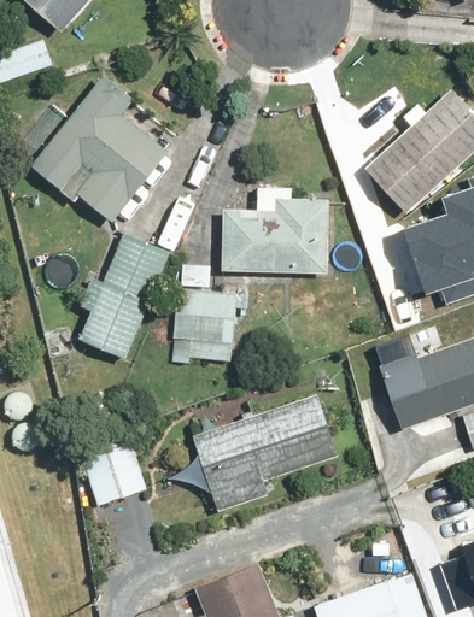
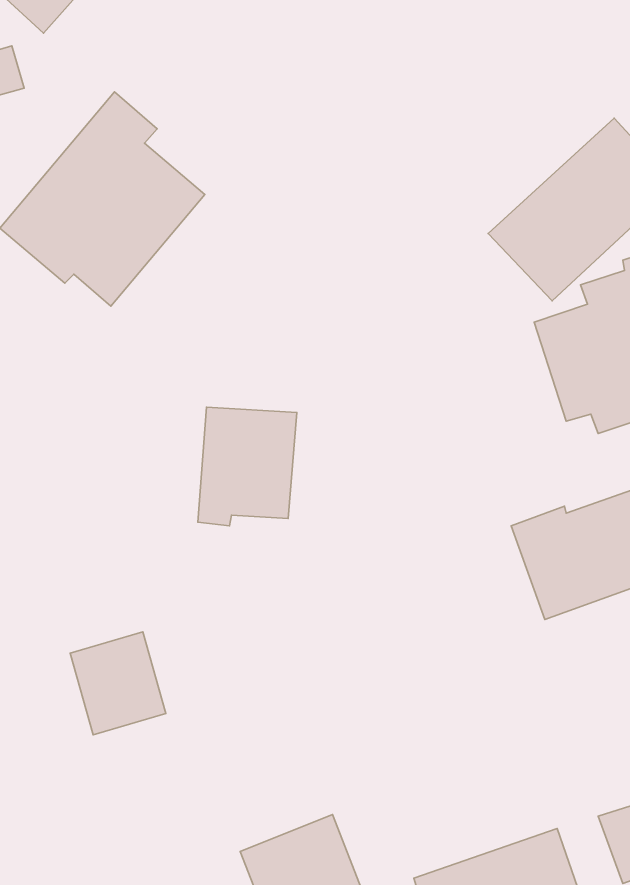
building: [221,188,327,274] -> none
building: [75,234,169,358] -> none
building: [191,394,337,515] -> none

